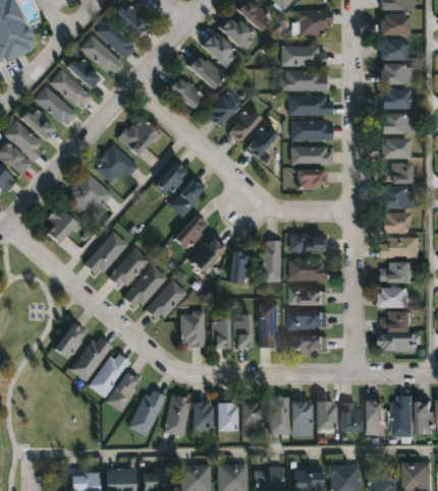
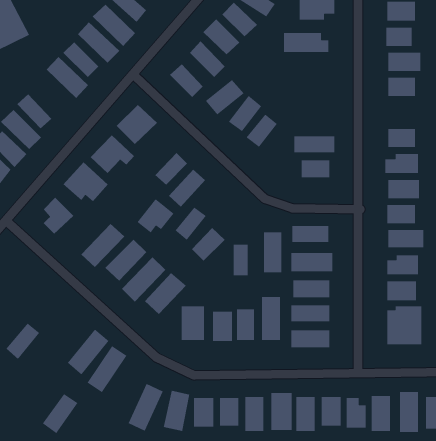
building: [278,71,326,90] -> none
building: [35,87,73,125] -> none
building: [287,96,331,116] -> none
building: [382,114,415,134] -> none
building: [290,121,331,140] -> none
building: none -> [136,198,175,233]
building: [53,322,87,359] -> [6,322,40,360]
building: [105,372,141,412] -> [42,393,78,434]

